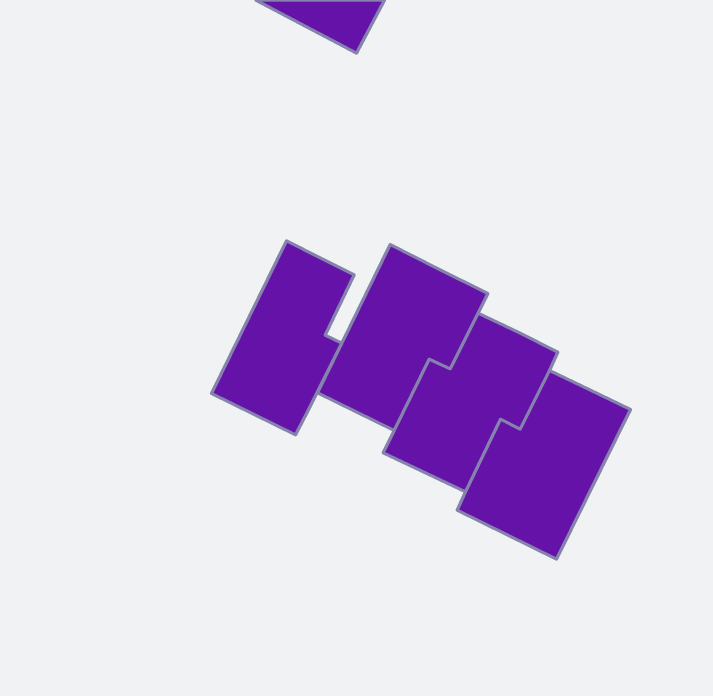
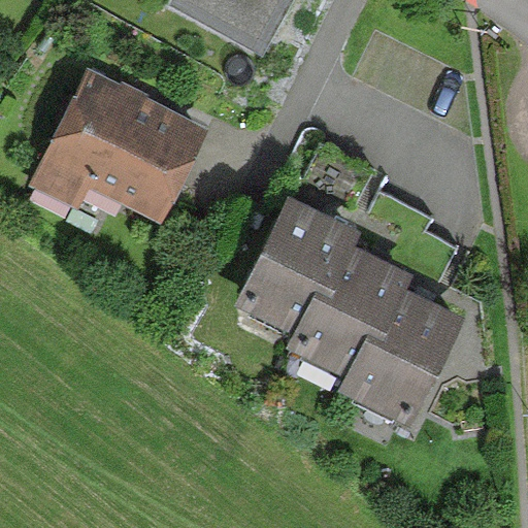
building: none -> [28,72,207,227]
building: [211,241,354,435] -> none

